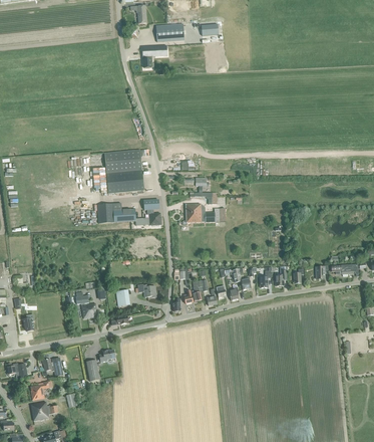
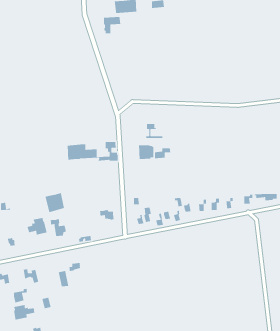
building: [104,149,144,193] -> none
building: none -> [45,192,65,213]
building: none -> [27,217,47,236]

